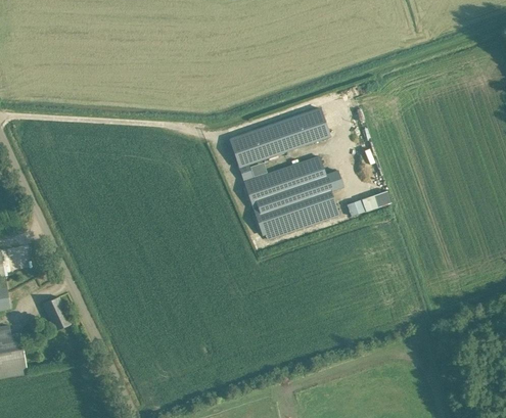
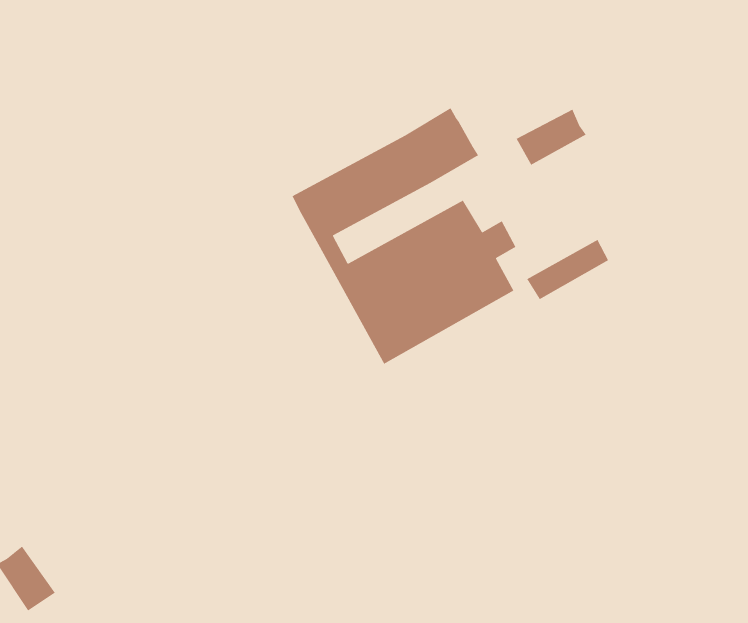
building: none -> [515,108,587,166]

